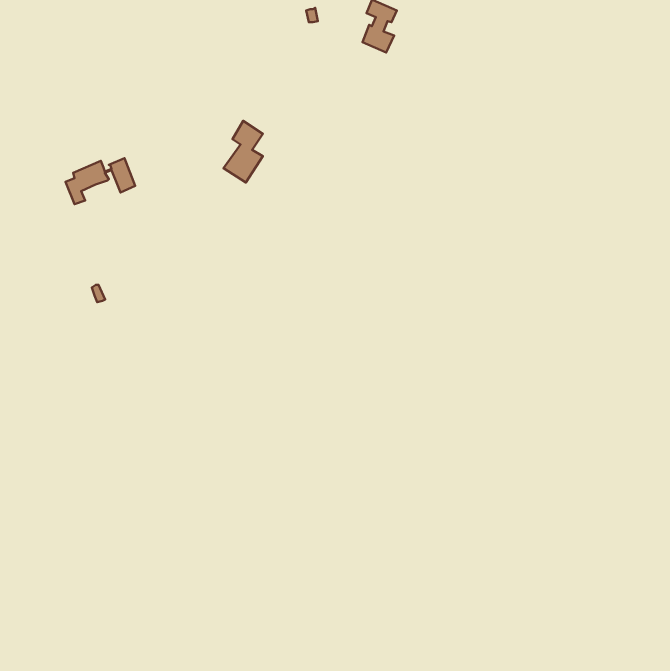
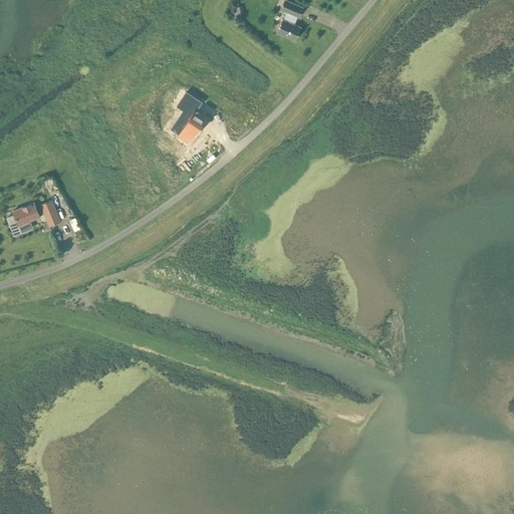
building: [65,158,135,204] -> [8,200,61,235]

